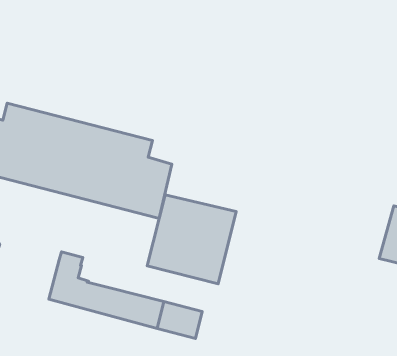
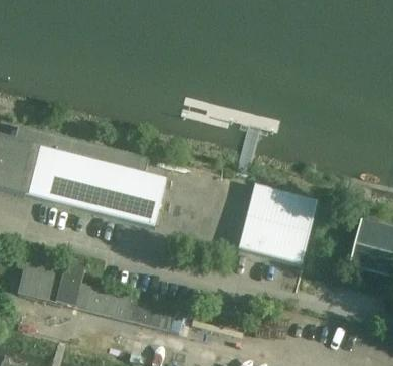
building: [147,195,236,284] -> [237,186,317,265]
building: none -> [18,254,64,301]

